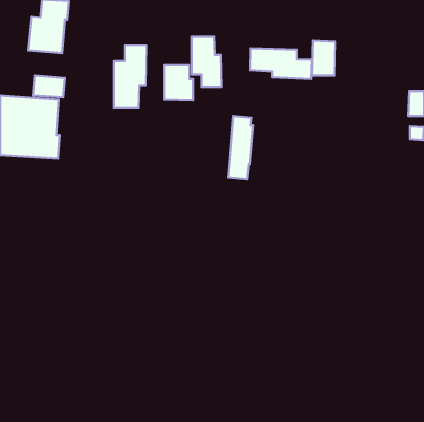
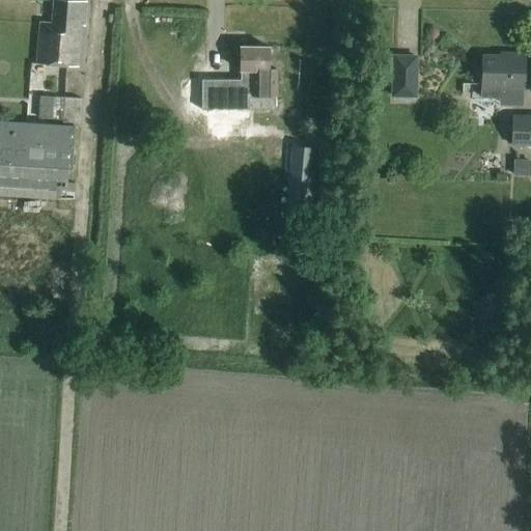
building: none -> [481,53,524,105]
building: [114,45,147,108] -> none
building: [250,49,312,79] -> none

